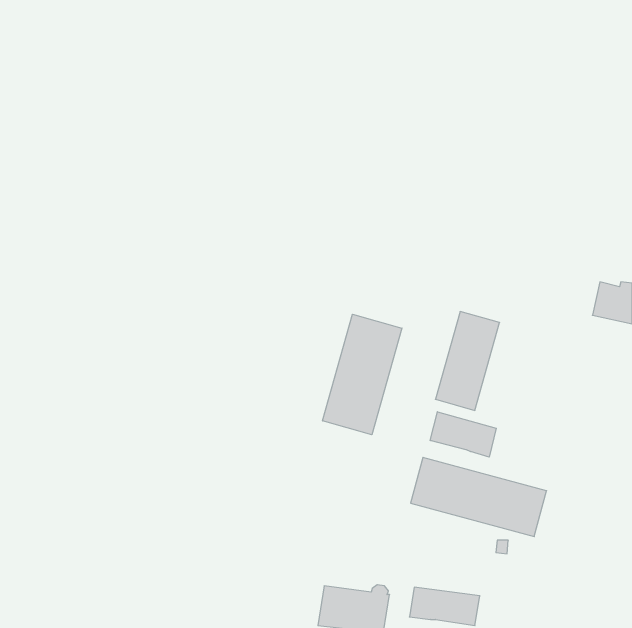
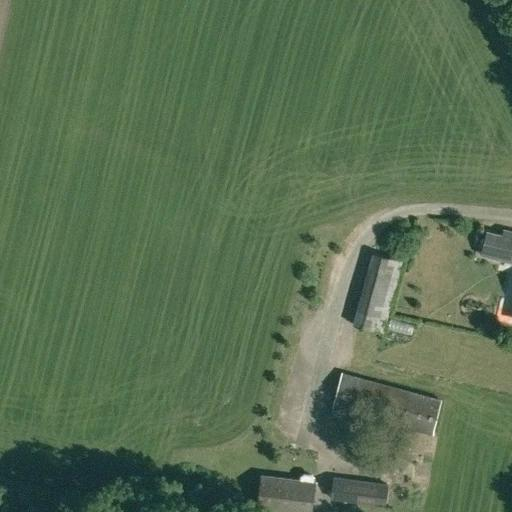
building: [323,314,402,435] -> none
building: [430,412,496,457] -> none

